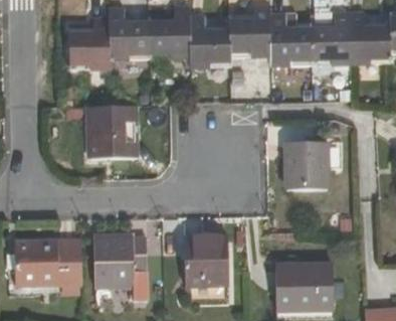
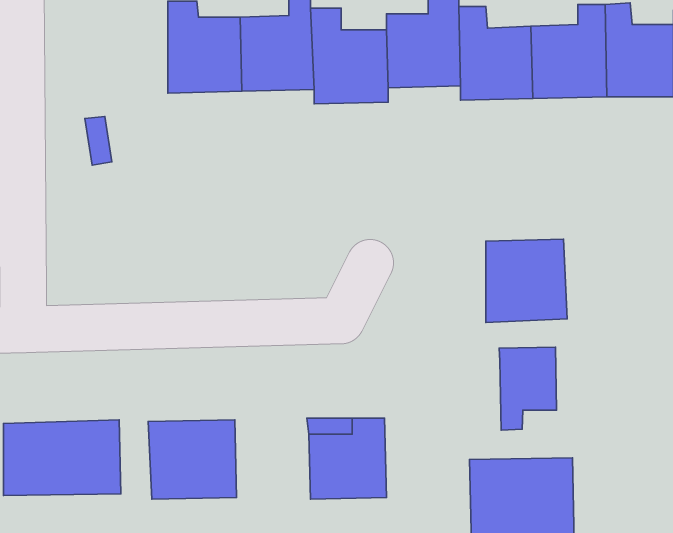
building: [67,16,107,67] -> none
building: [88,105,138,157] -> none
building: none -> [499,347,557,430]

